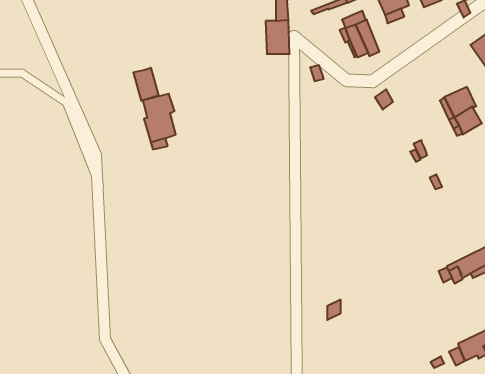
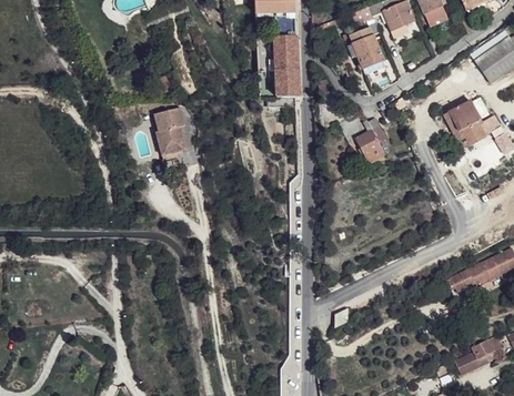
building: none -> [275,69,299,98]
building: [133,68,159,101] -> none
building: none -> [356,116,386,165]

